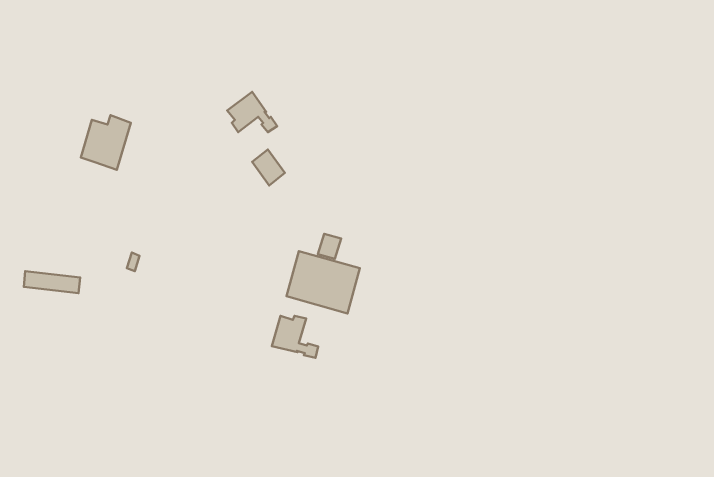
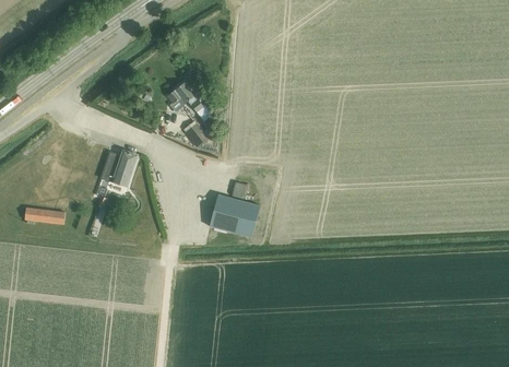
building: [81,115,131,170] -> [102,149,137,187]
building: [272,316,318,358] -> none

